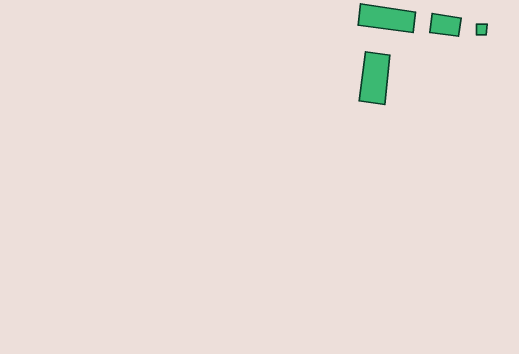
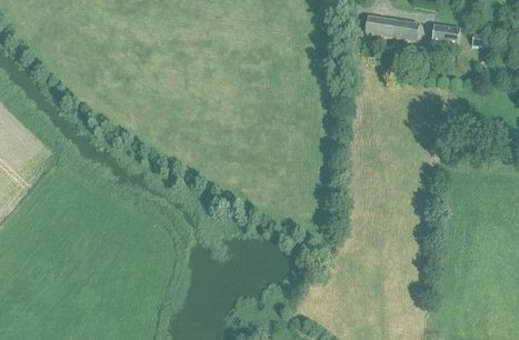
building: [359,52,390,104] -> none

